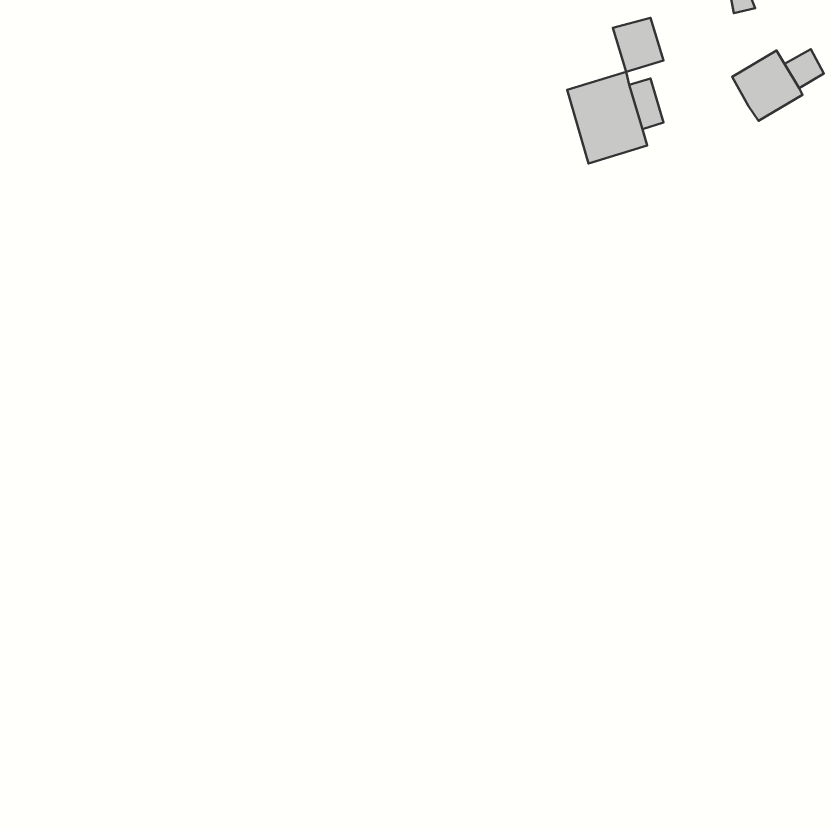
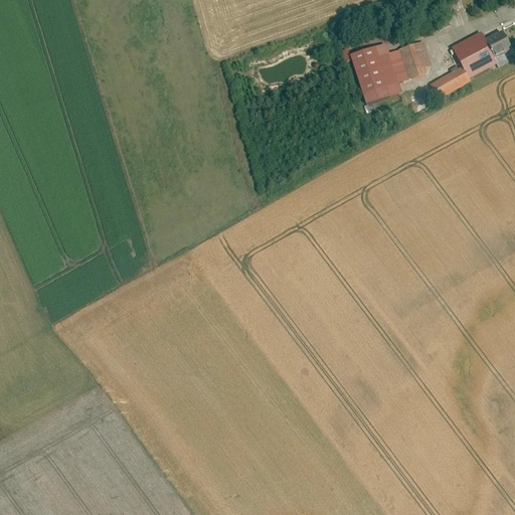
building: [613,18,664,72] -> [402,42,434,75]
building: none -> [433,65,471,96]

